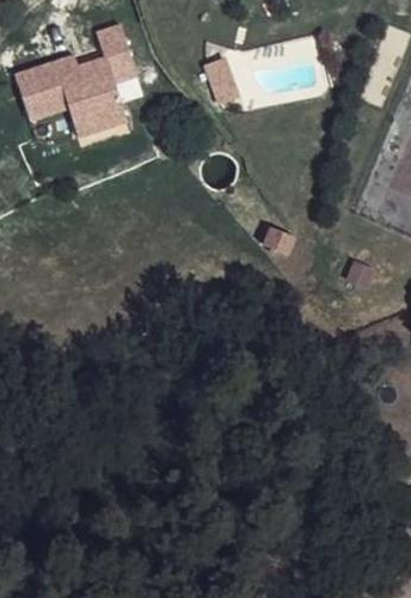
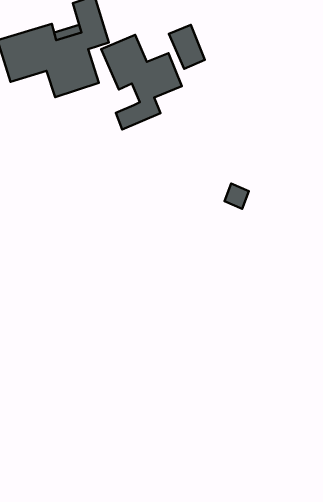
building: none -> [101,35,182,130]

